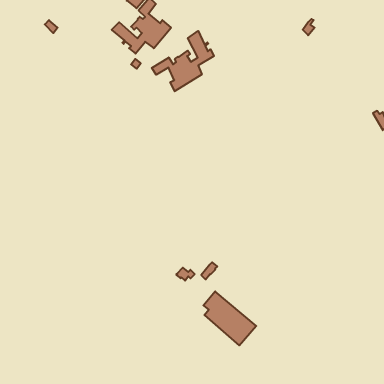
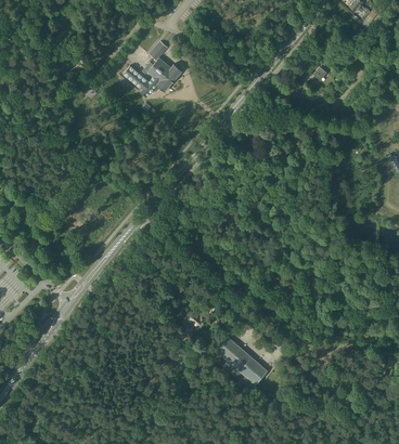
building: [152,31,214,91] -> none

